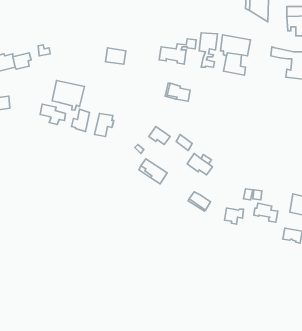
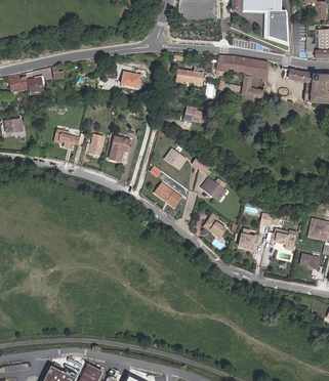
building: [52,81,85,110] -> none

